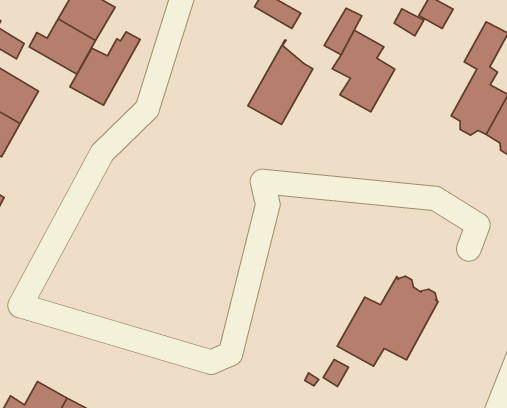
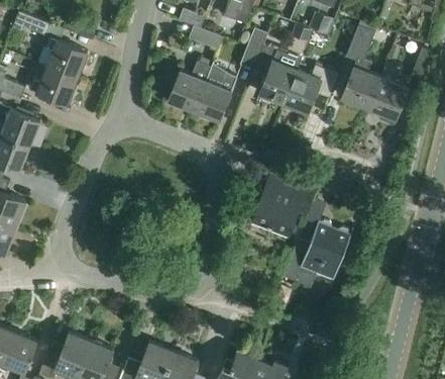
building: [70,32,140,105] -> [166,56,213,111]
building: none -> [283,66,337,113]
building: none -> [252,175,318,233]

